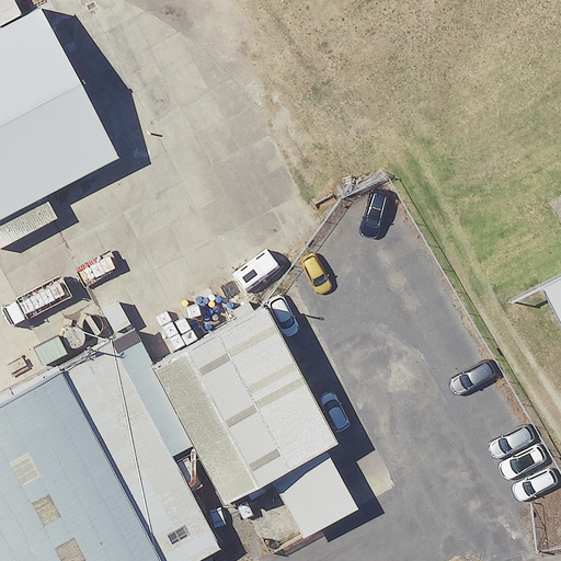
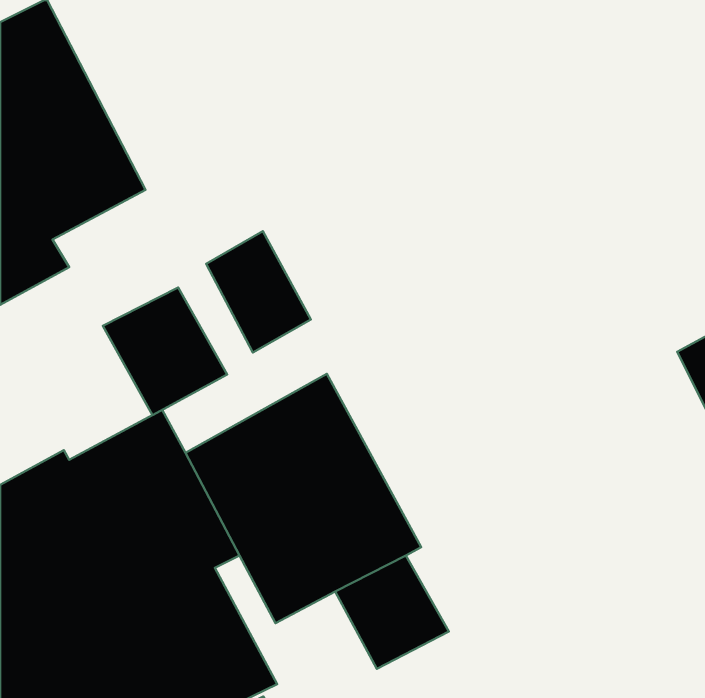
building: none -> [206,231,311,353]
building: none -> [103,288,227,415]

